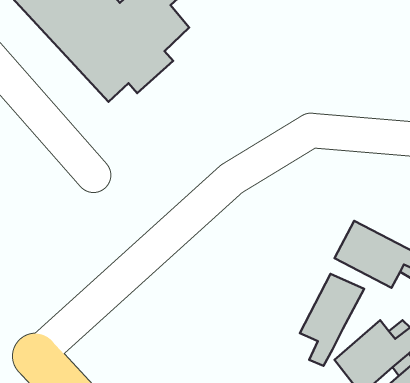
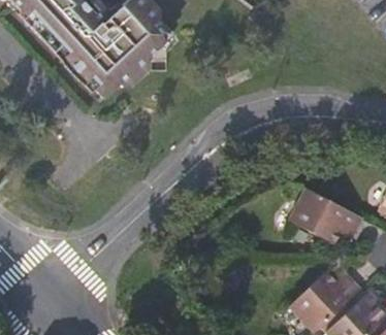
building: [300,274,364,366] -> none

